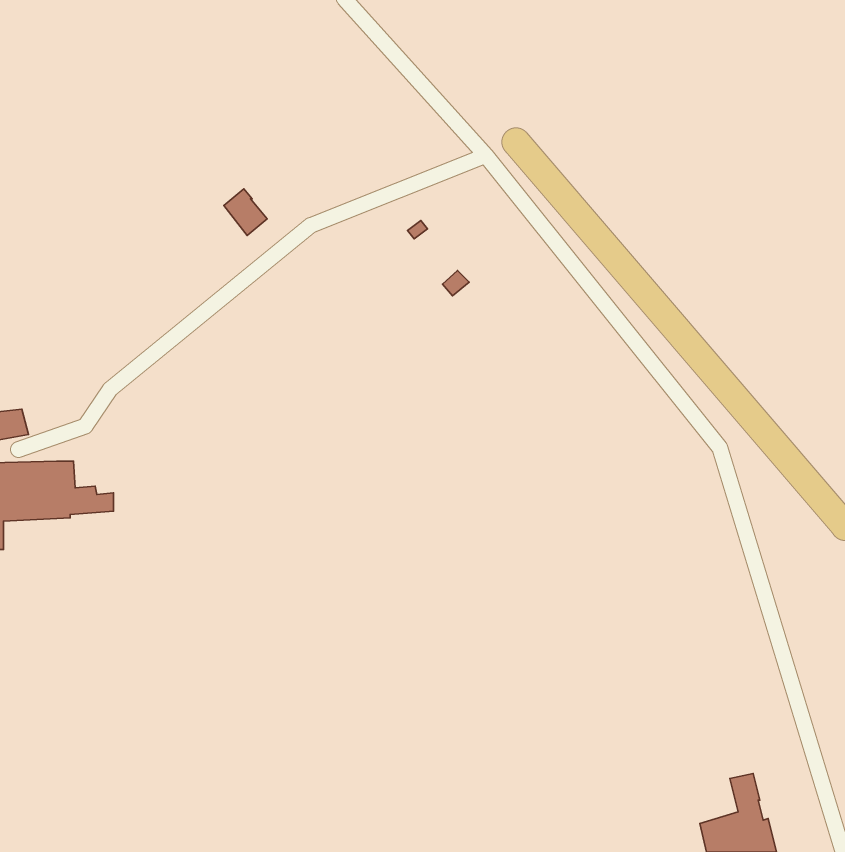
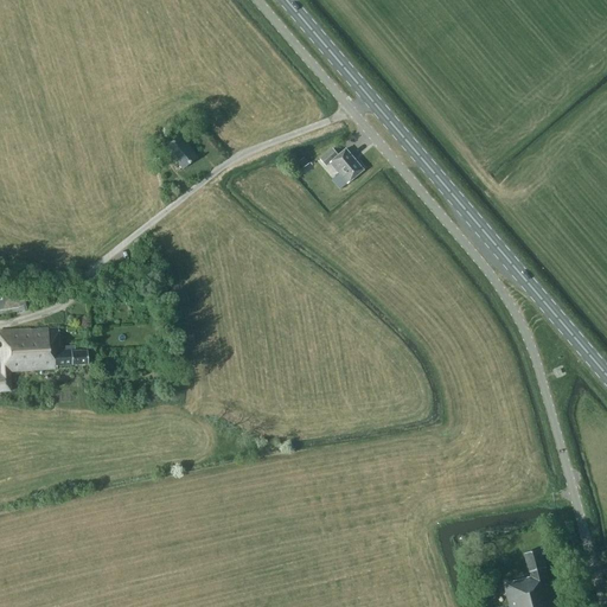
building: none -> [314,147,358,183]

